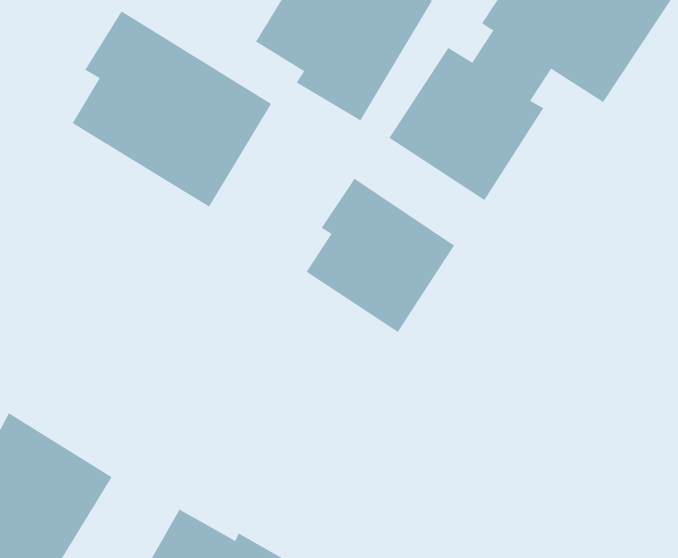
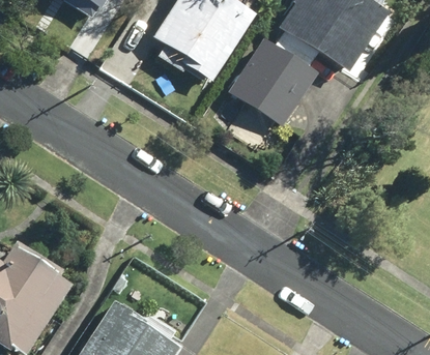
building: [72,11,272,208] -> none
building: [306,178,455,333] -> none

